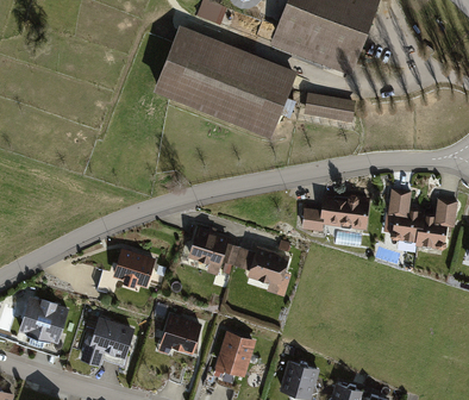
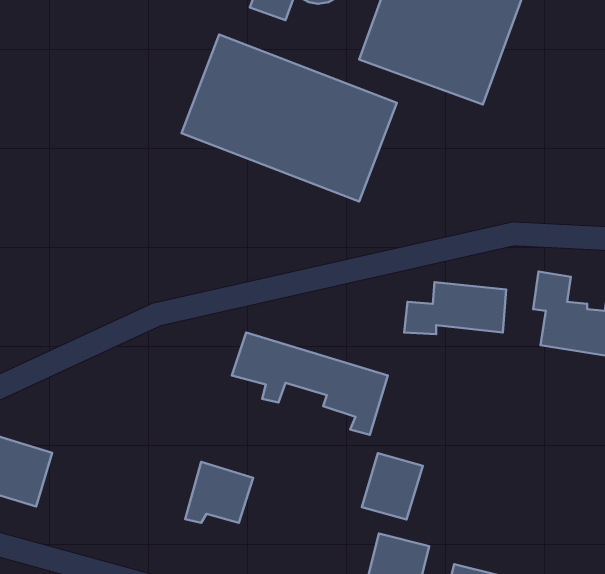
building: [302,94,355,124] -> none
building: [112,248,154,286] -> none
building: [80,317,132,364] -> none
building: [214,329,255,373] -> [362,453,423,520]

